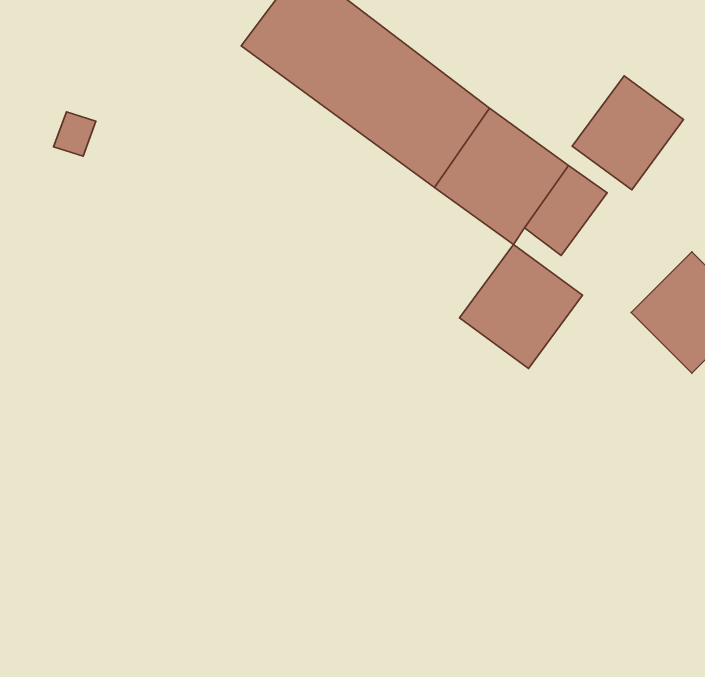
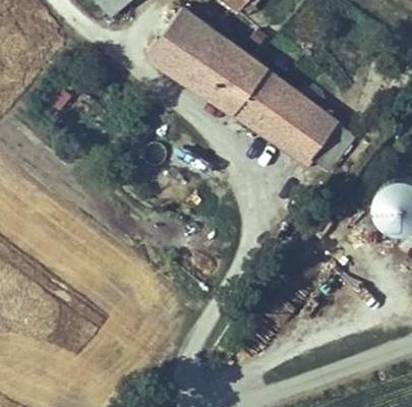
building: [572,76,684,190] -> none
building: [459,244,582,369] -> none

